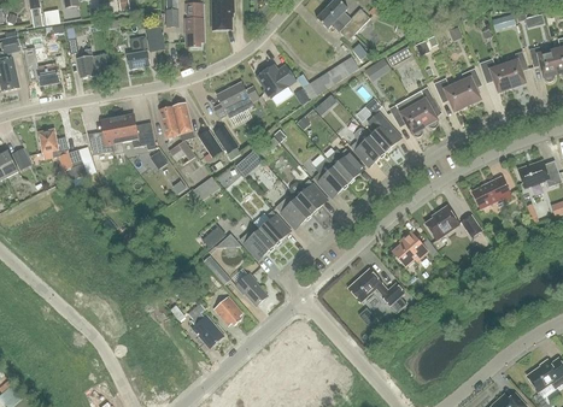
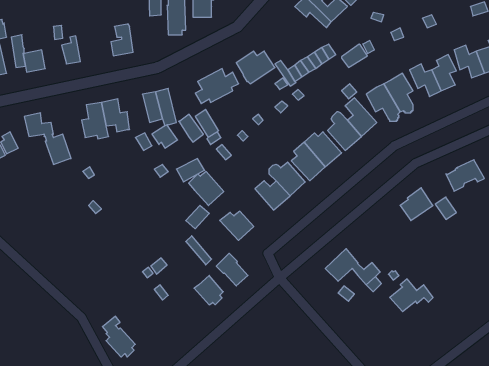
building: [253,210,289,244] -> [189,172,224,206]
building: [392,231,436,265] -> [390,279,433,312]
building: [187,302,221,344] -> [102,316,135,357]

